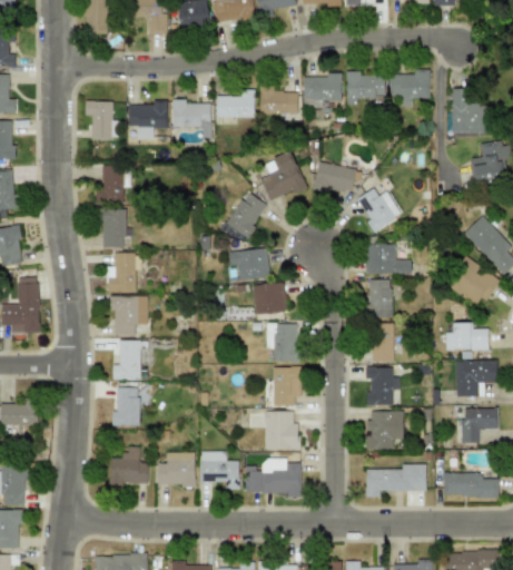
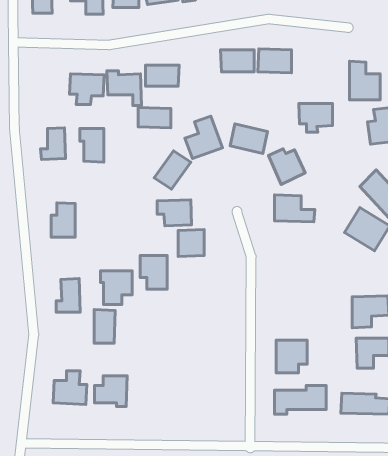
building: [391,72,430,106] -> [299,103,332,132]
building: [259,90,297,114] -> [138,108,171,128]
building: [85,100,112,140] -> none
building: [98,208,126,247] -> [80,129,104,162]
building: [368,278,393,317] -> none
building: [110,296,147,335] -> [101,271,132,304]
building: [447,322,489,350] -> none
building: [266,323,297,362] -> [140,255,167,289]
building: [372,323,394,362] -> none
building: [272,367,302,405] -> none
building: [365,367,399,405] -> none
building: [115,386,139,425] -> [94,310,115,343]
building: [265,411,299,450] -> none
building: [200,451,239,490] -> none
building: [245,459,299,493] -> none

